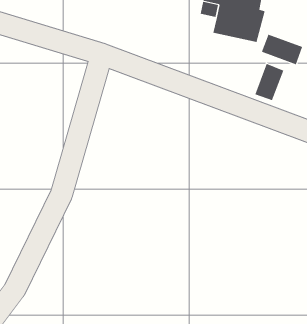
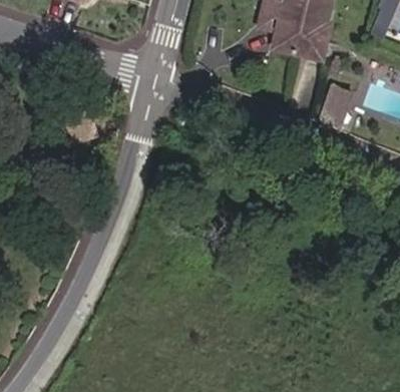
building: [261,34,303,65] -> none

